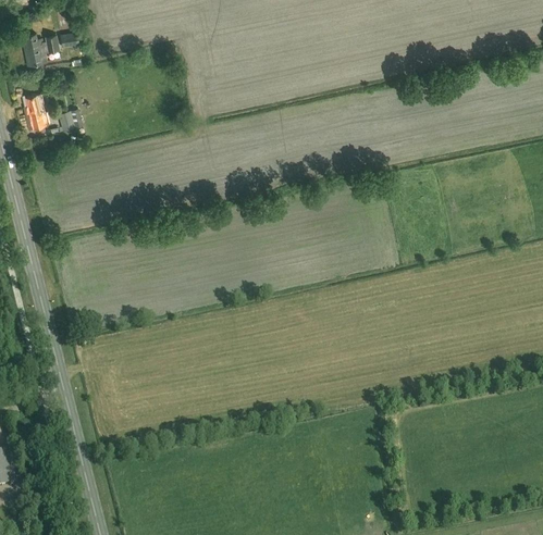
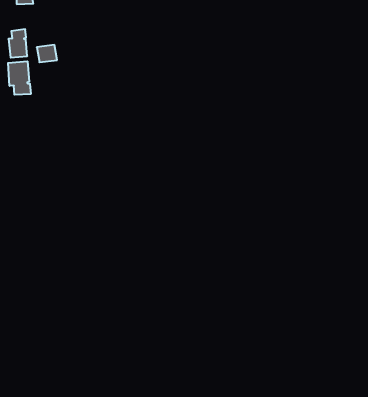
building: none -> [8,61,31,95]

